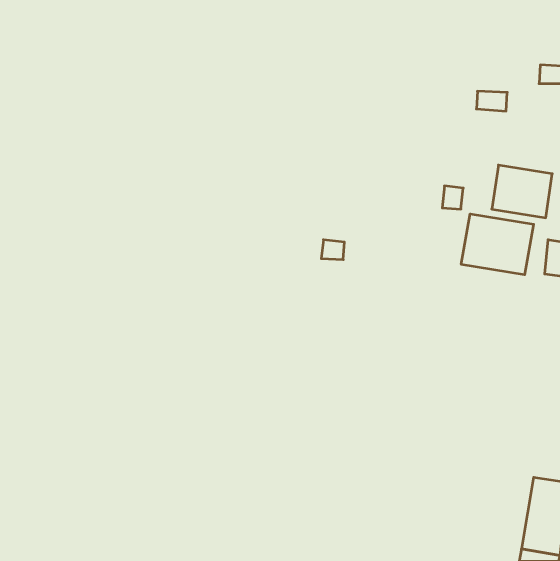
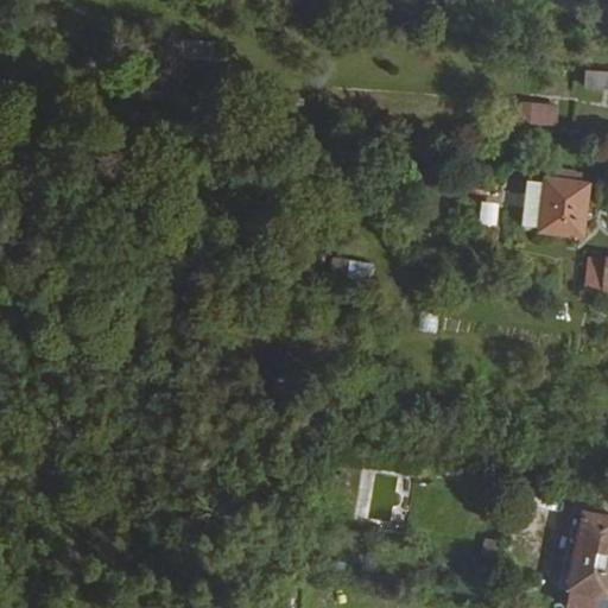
building: [461,214,534,275] -> none

